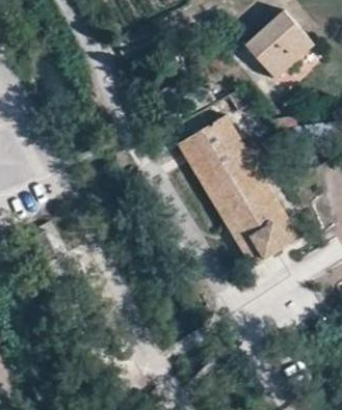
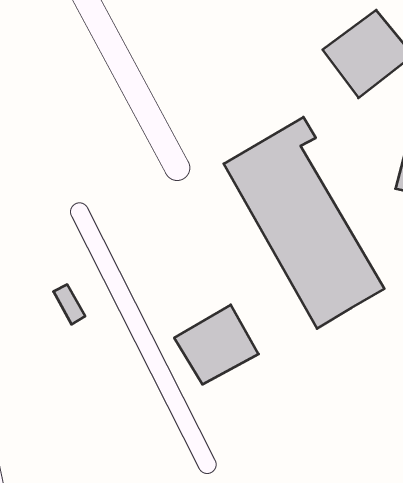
building: none -> [174,305,259,384]

